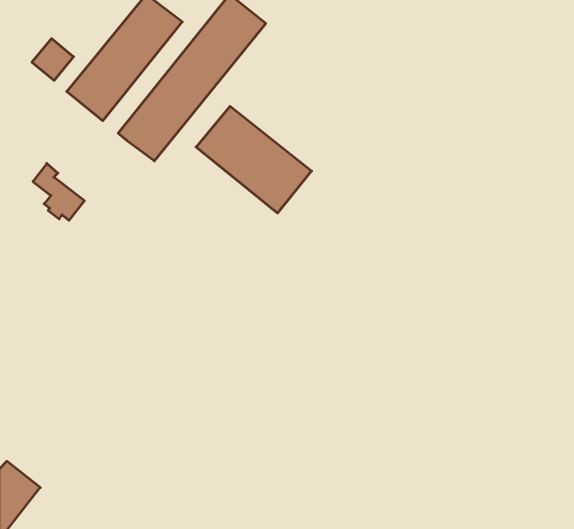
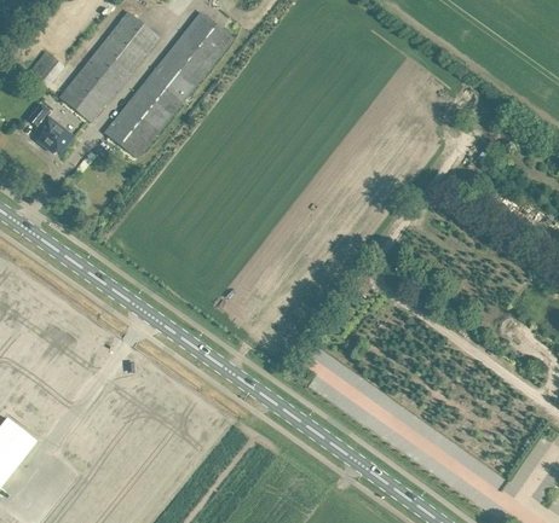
building: [196,106,312,213] -> none
building: [33,163,84,220] -> [29,104,74,153]

